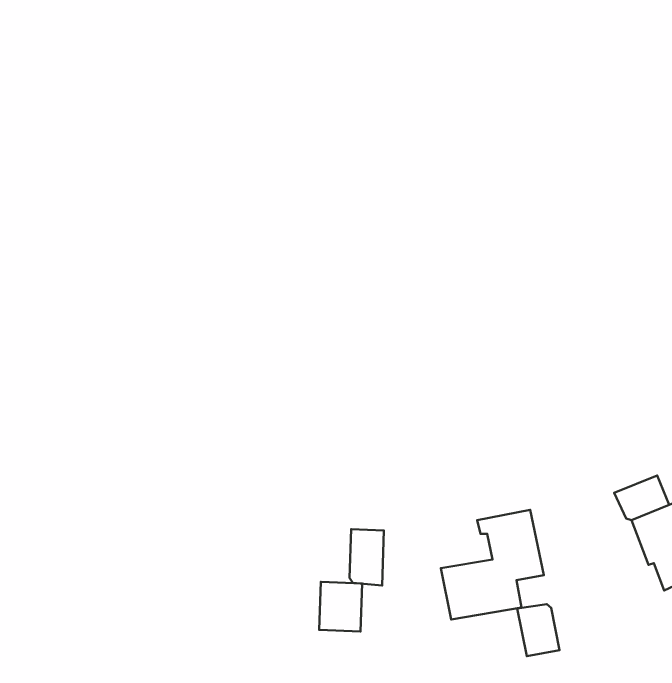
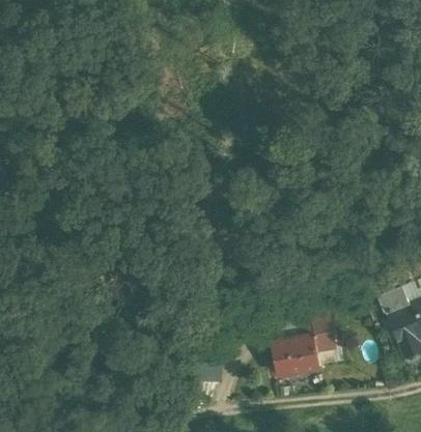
building: [349,529,384,585] -> none
building: [517,604,560,656] -> none

